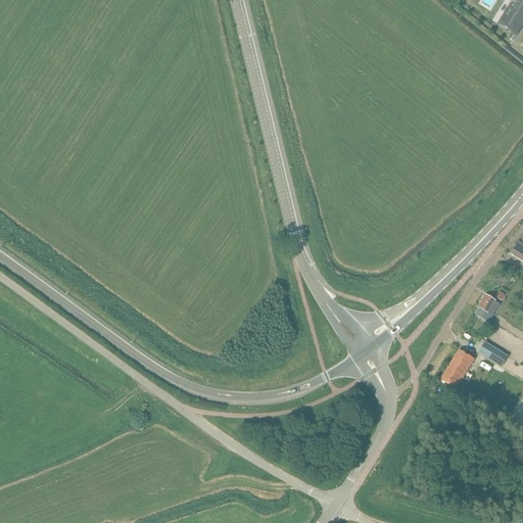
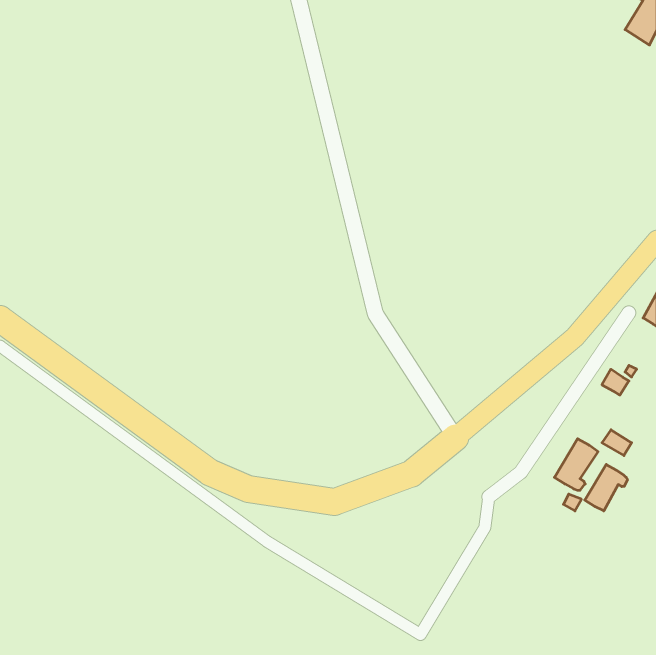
building: none -> [585,464,627,511]

